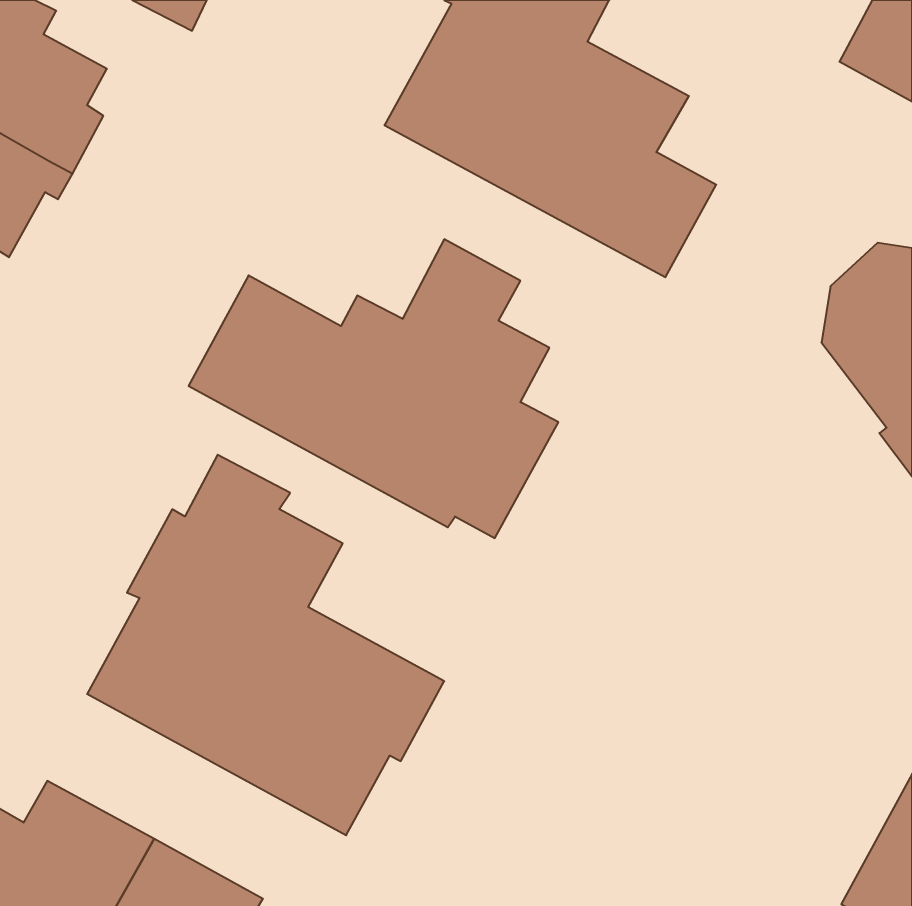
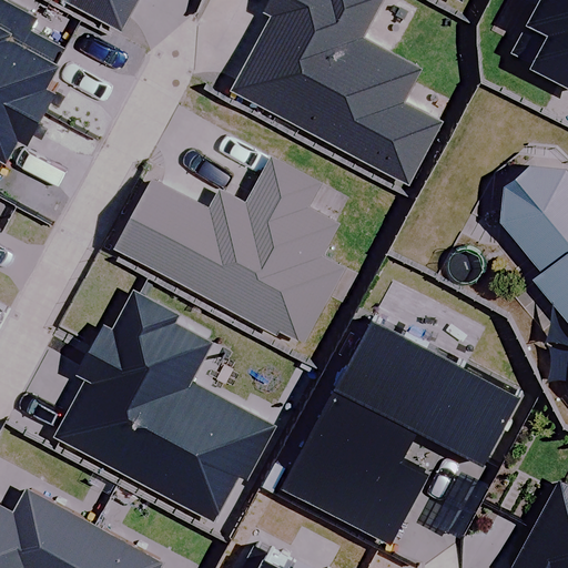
building: none -> [285,318,518,539]

